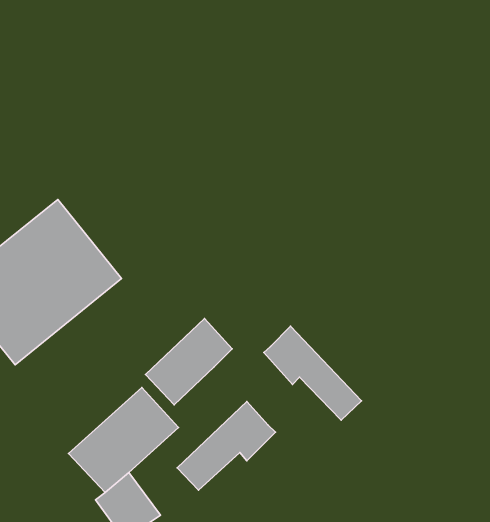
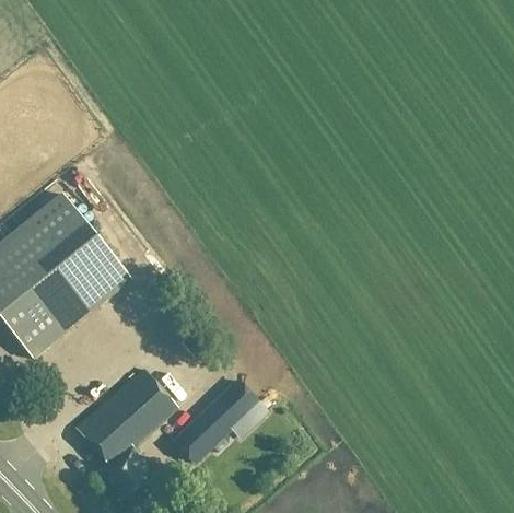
building: [146,319,232,405] -> none
building: [264,326,361,420] -> none

